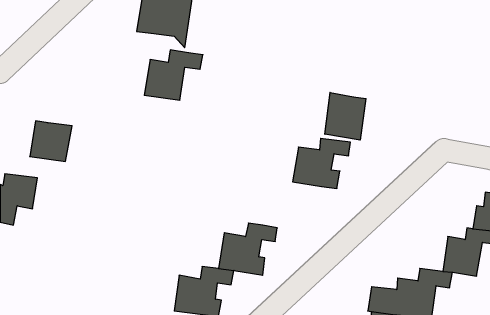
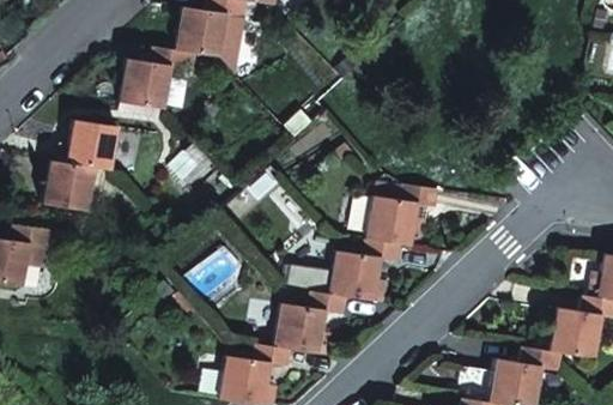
building: [144,50,203,100] -> [117,47,190,109]
building: none -> [62,121,113,170]
building: [325,92,366,140] -> none
building: none -> [329,237,402,300]

